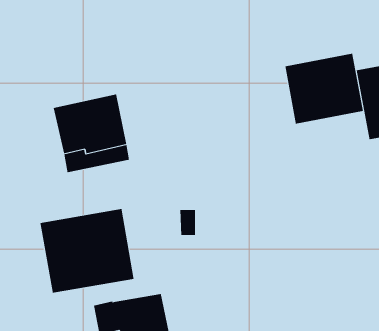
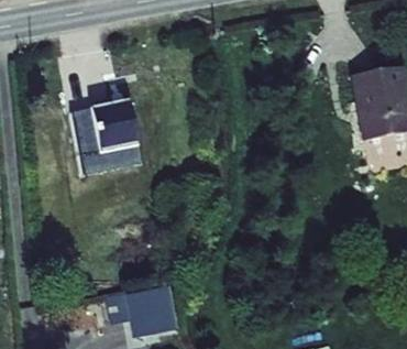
building: [285,53,363,124] -> none
building: [40,208,134,294] -> none

